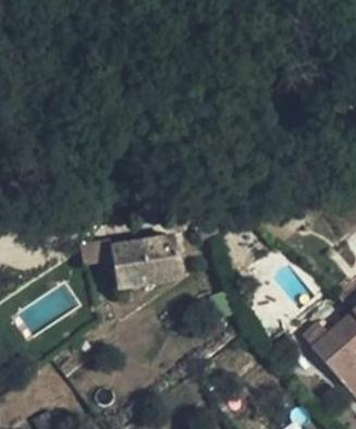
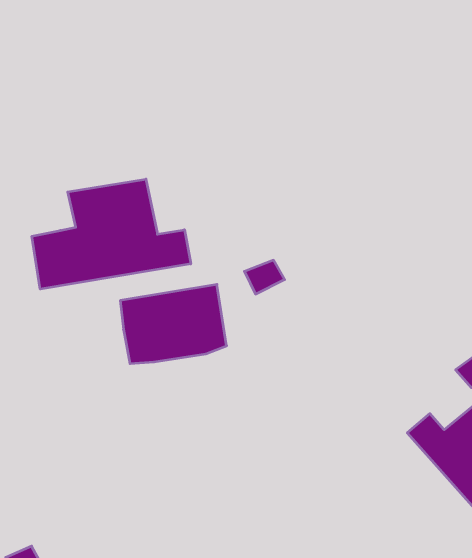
building: none -> [32,179,191,289]

